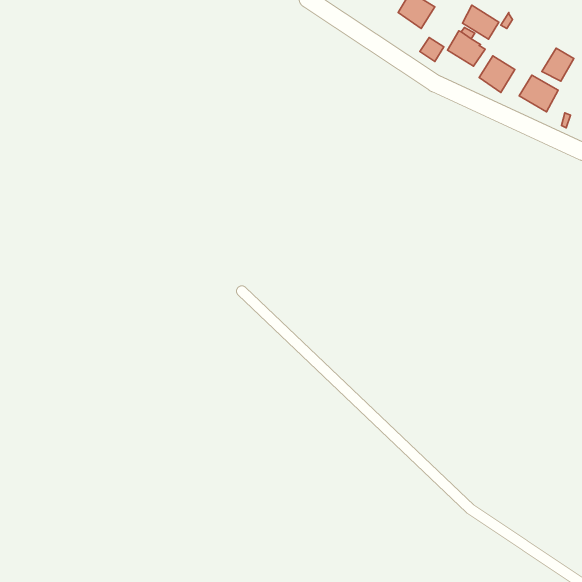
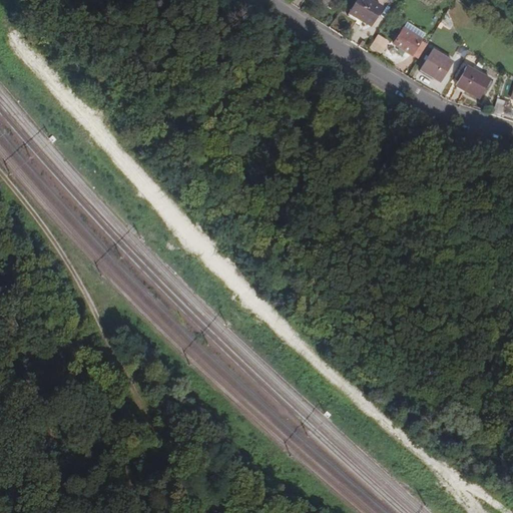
building: [462,5,499,39] -> none
building: [542,48,574,81] -> none

